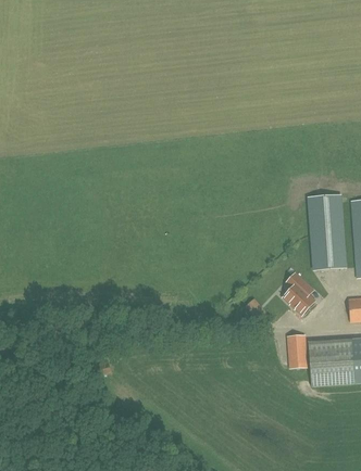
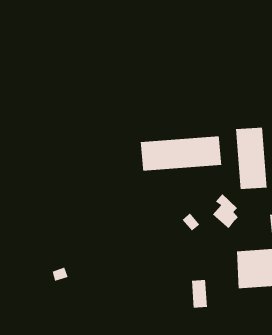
building: none -> [140,135,222,171]
building: [288,334,308,368] -> [191,280,208,308]

